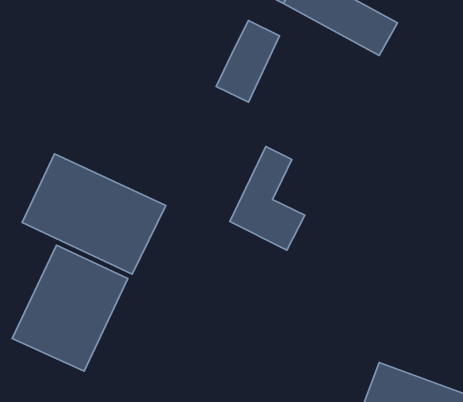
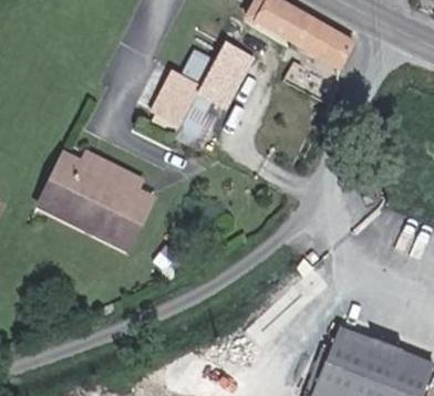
building: [230,146,305,250] -> [163,49,227,137]
building: [12,245,128,371] -> none

